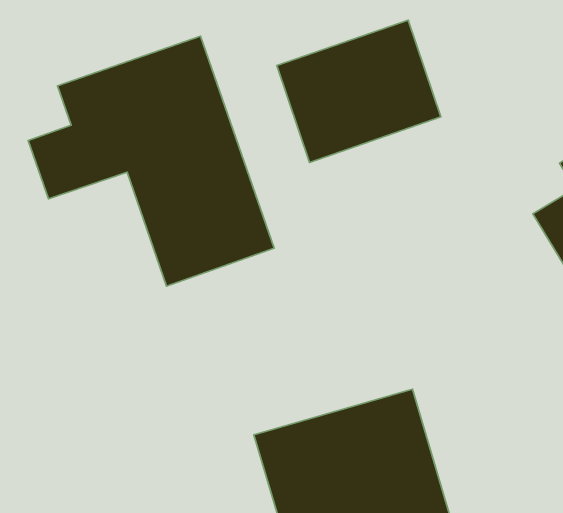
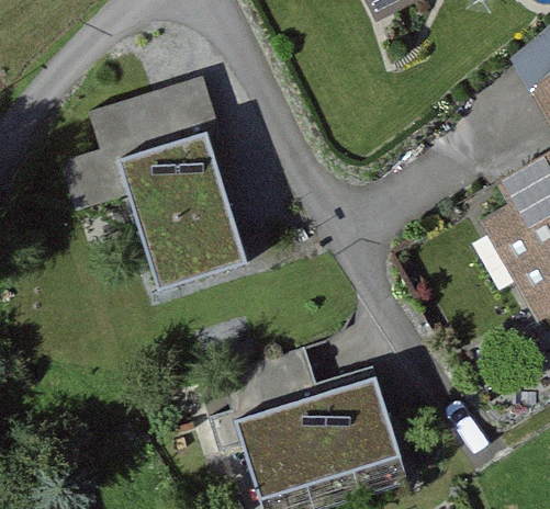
building: [277,20,441,162] -> none

